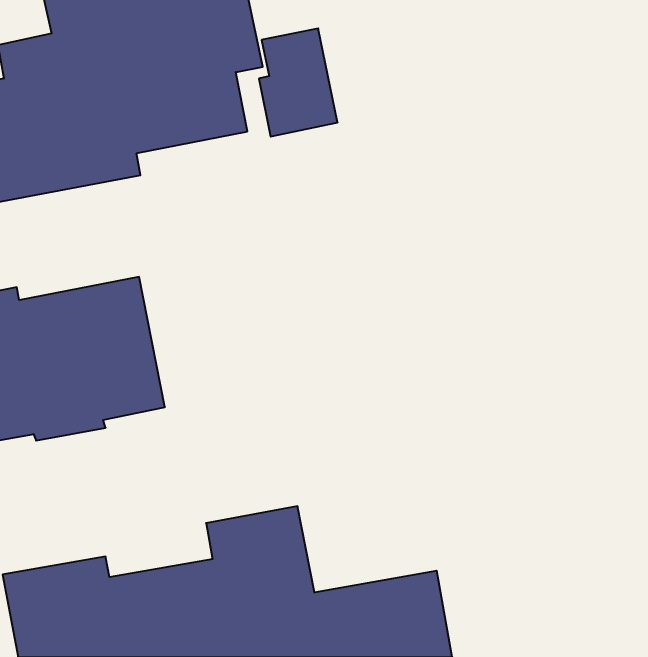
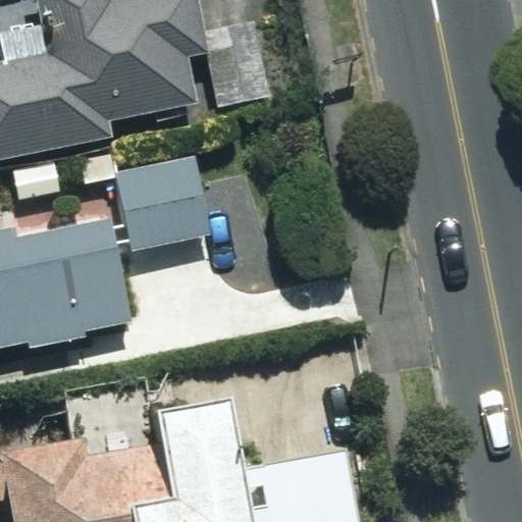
building: none -> [113,158,208,252]

